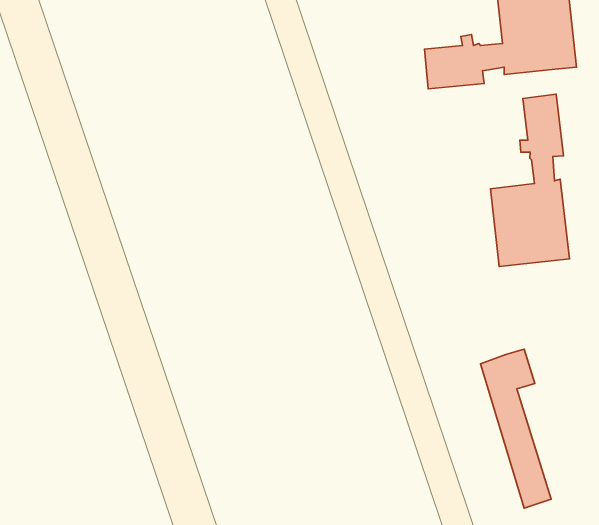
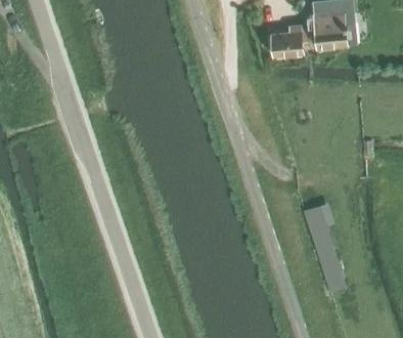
building: [490,94,569,267] -> none

